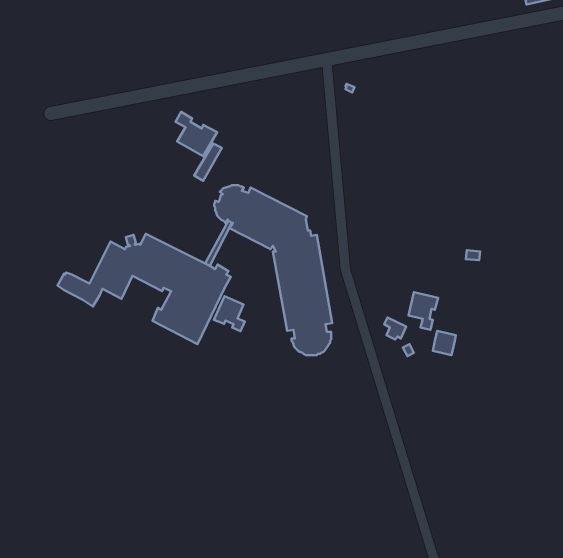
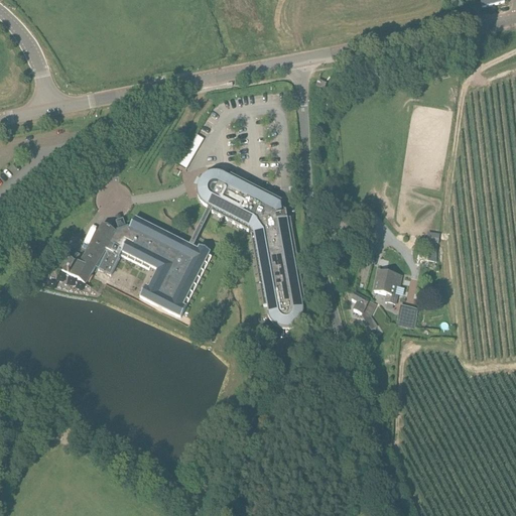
building: [175,112,217,156] -> none
building: [214,296,245,331] -> none

